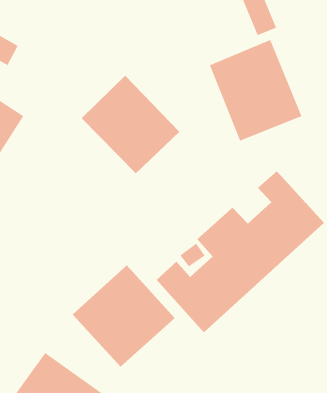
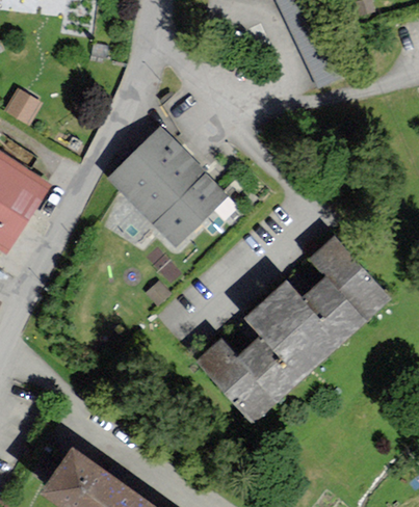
building: [209,39,302,142] -> none
building: [72,264,175,367] -> none

